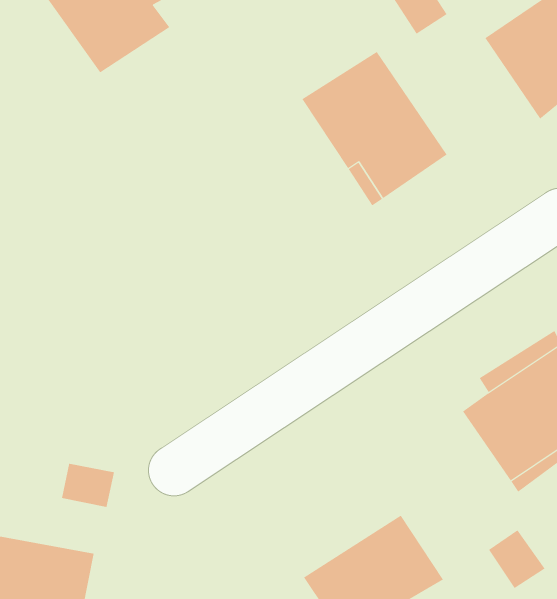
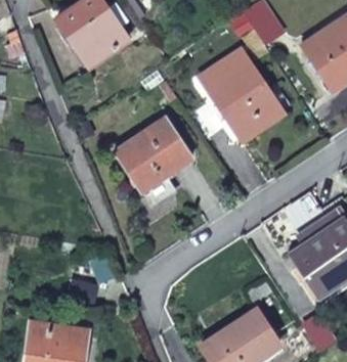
building: none -> [115,118,191,190]

